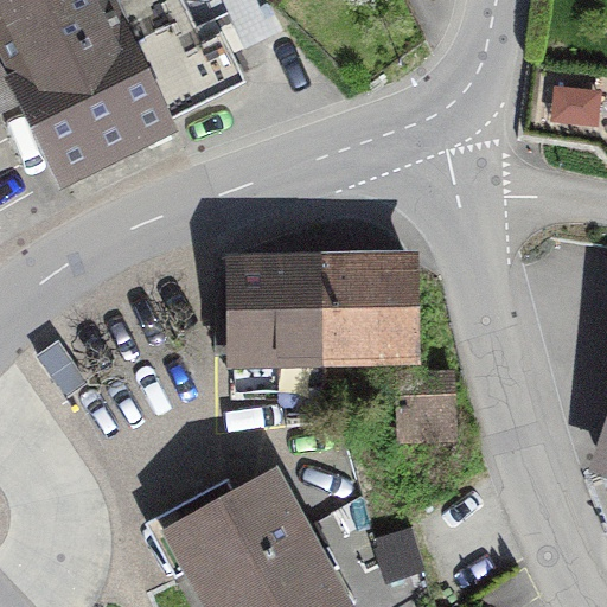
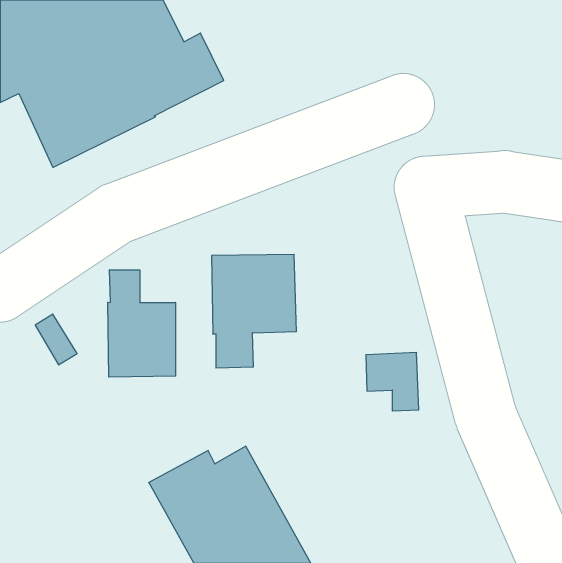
building: [318,262,409,357] -> none
building: none -> [108,270,176,377]

